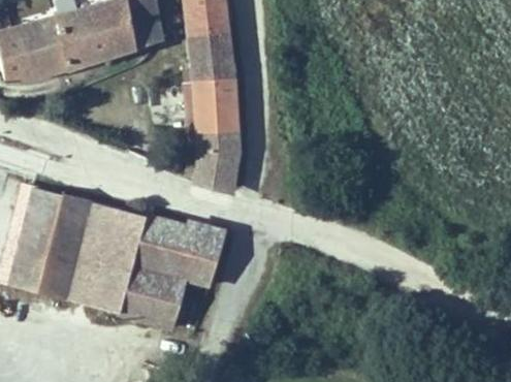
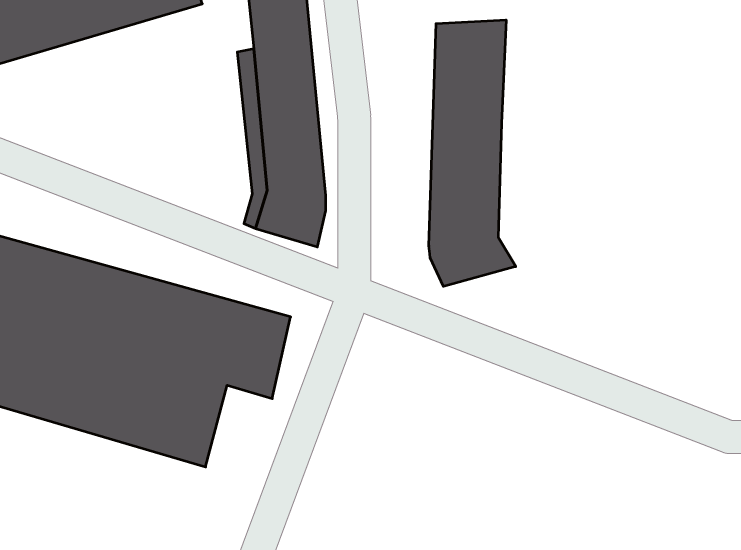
building: none -> [429,20,516,286]

